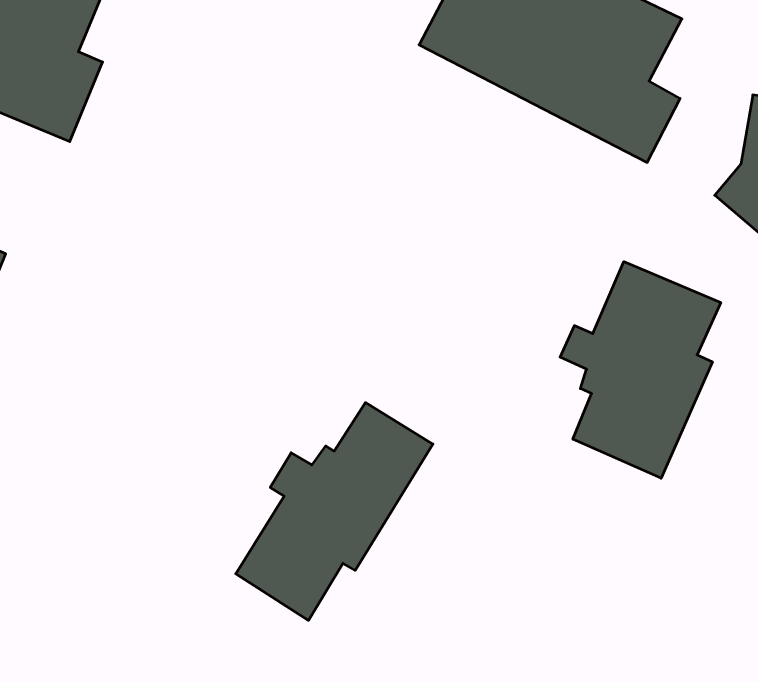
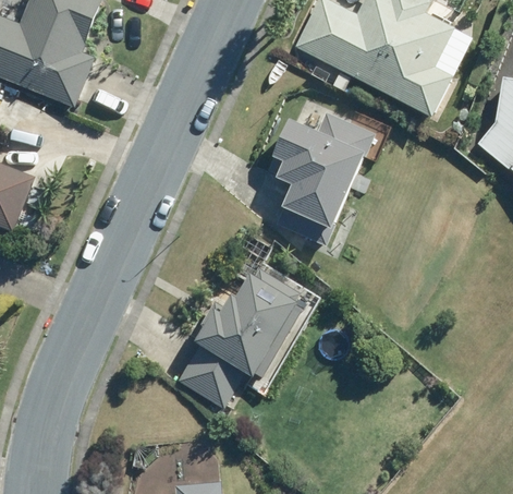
building: none -> [270,111,375,245]
building: [560,262,721,478] -> none

